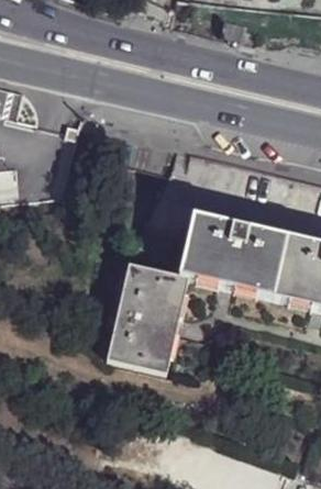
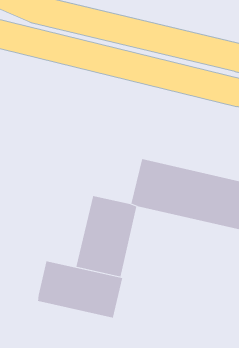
building: none -> [38,261,123,319]

